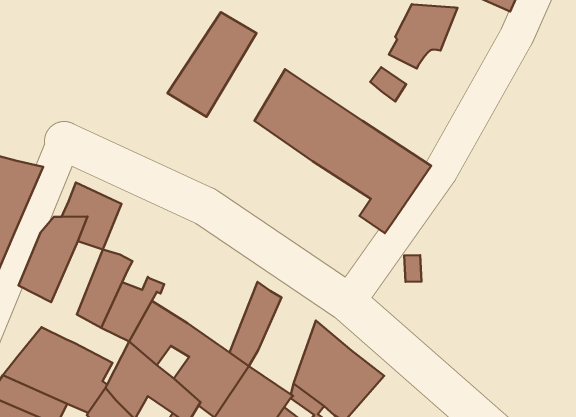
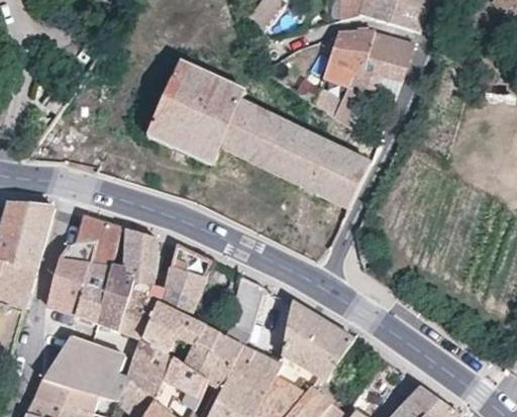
building: none -> [347,31,411,89]
building: none -> [181,74,244,163]
building: none -> [125,229,158,288]
building: none -> [157,244,211,317]
building: none -> [75,263,111,322]

